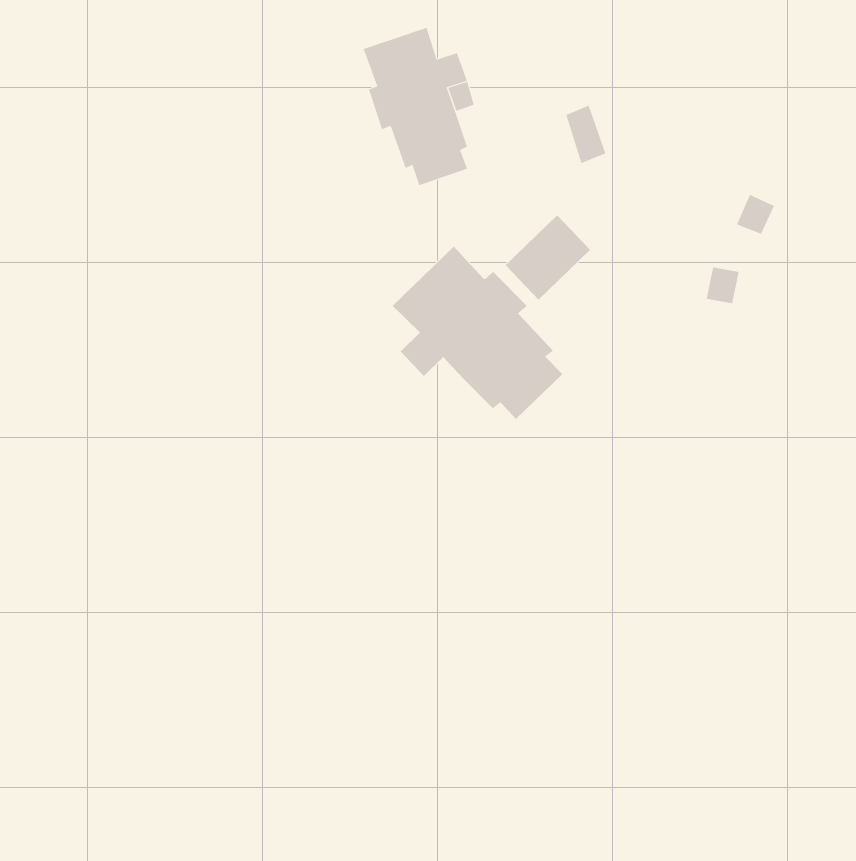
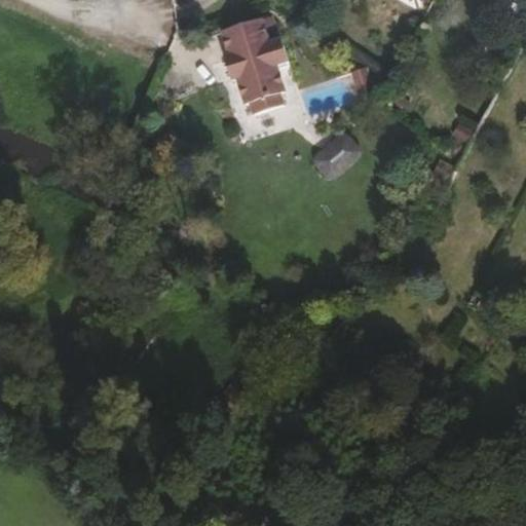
building: [392,246,563,420] -> none

